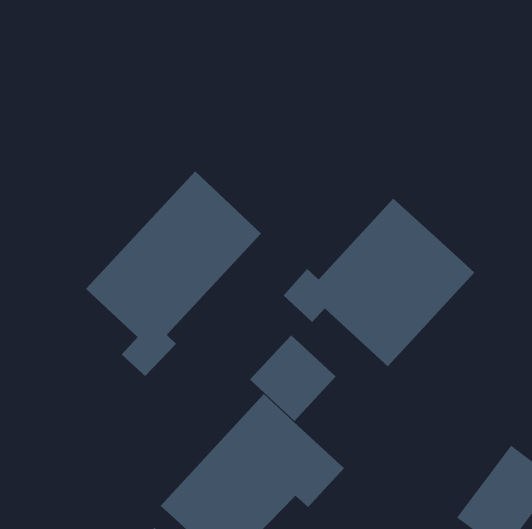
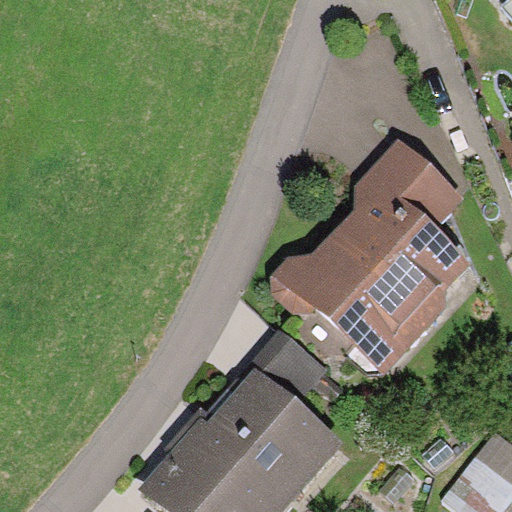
building: none -> [374,148,456,235]
building: [85,171,262,377] -> none

